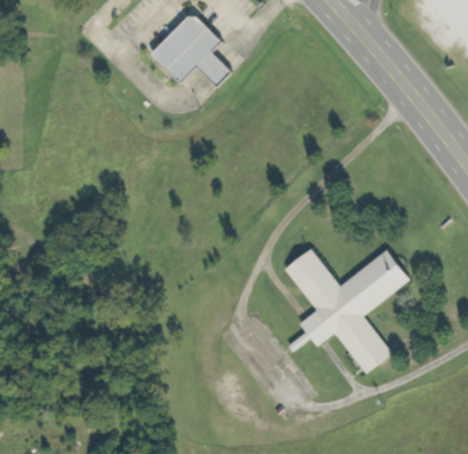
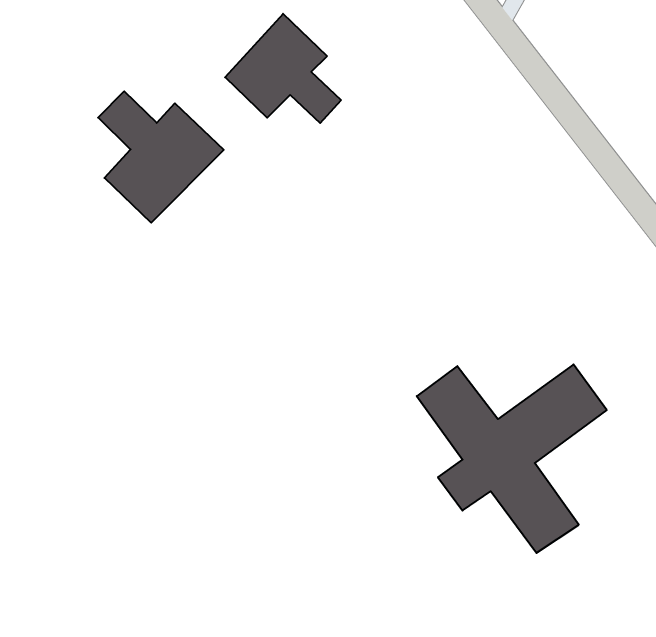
building: none -> [98,91,224,223]

